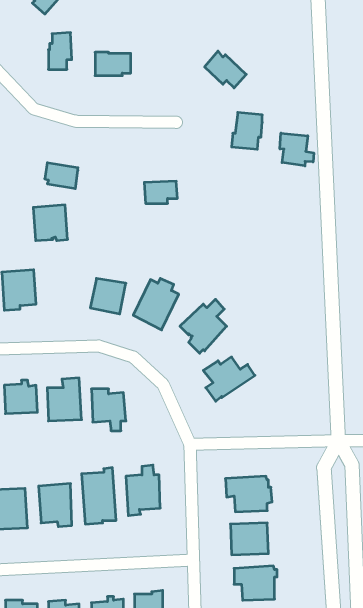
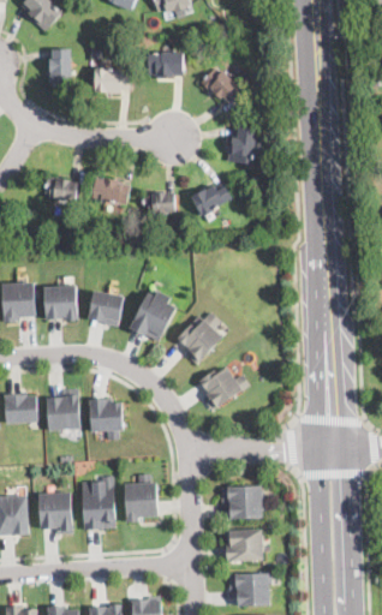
building: none -> [148,52,184,79]
building: [280,133,314,166] -> none
building: none -> [92,179,130,204]
building: none -> [191,183,231,216]
building: [33,205,68,241] -> [44,283,78,318]

